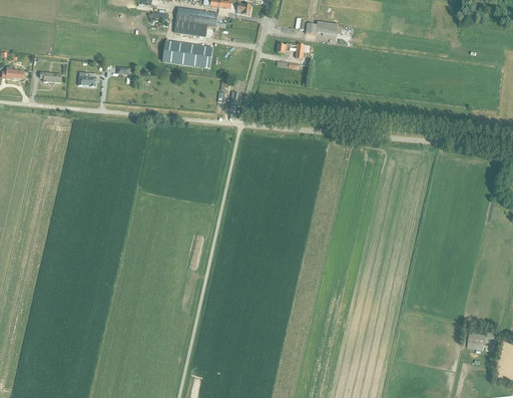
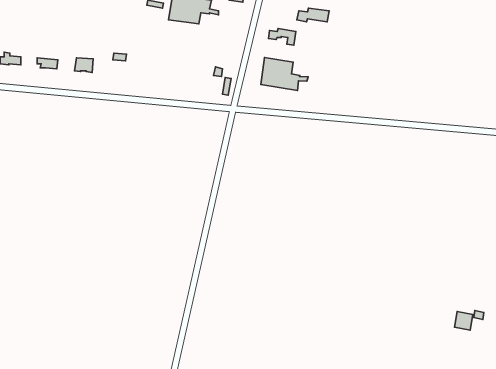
building: [162,40,213,68] -> none
building: none -> [261,57,308,91]

